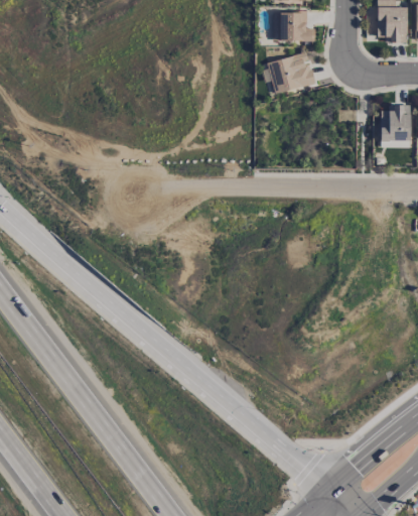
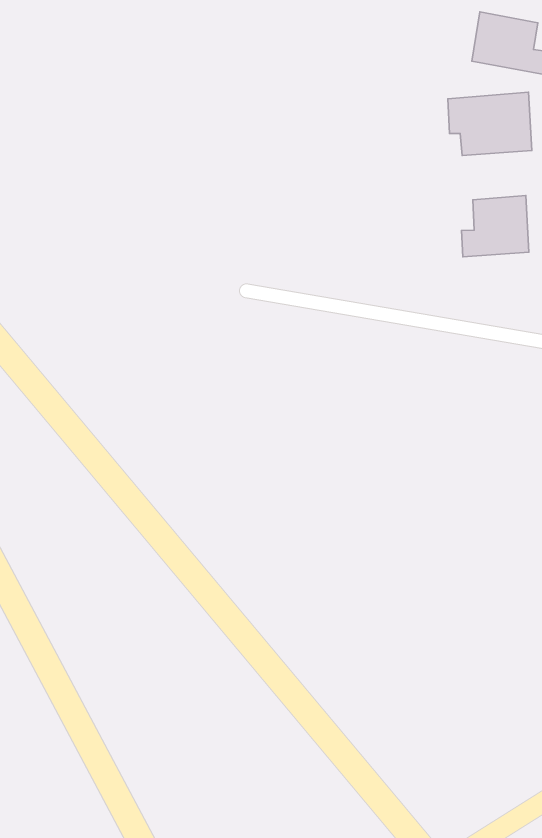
building: none -> [461,196,529,257]

